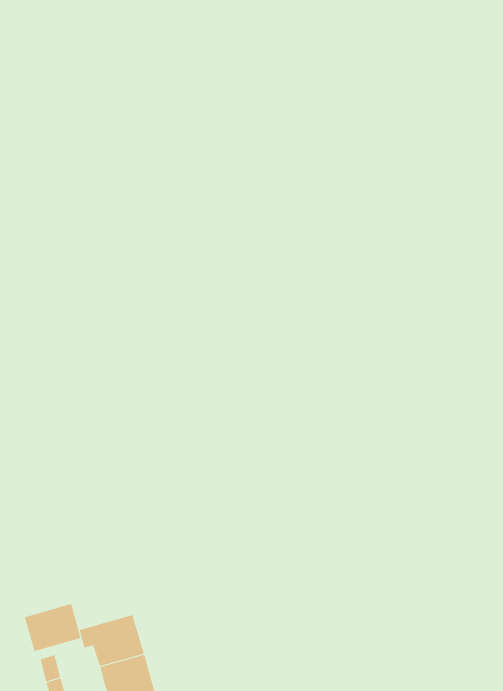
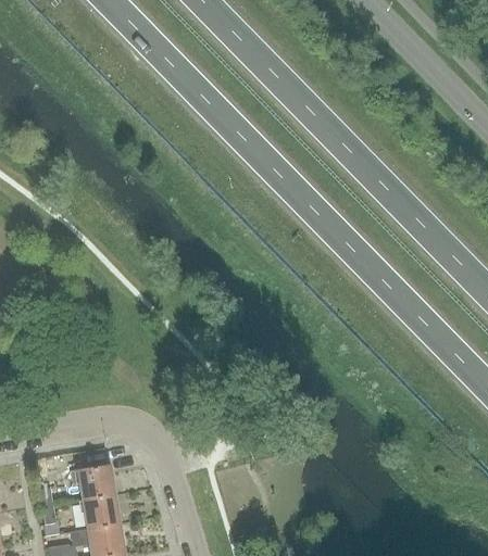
building: [24,603,81,652] -> none

